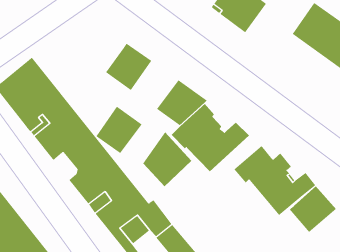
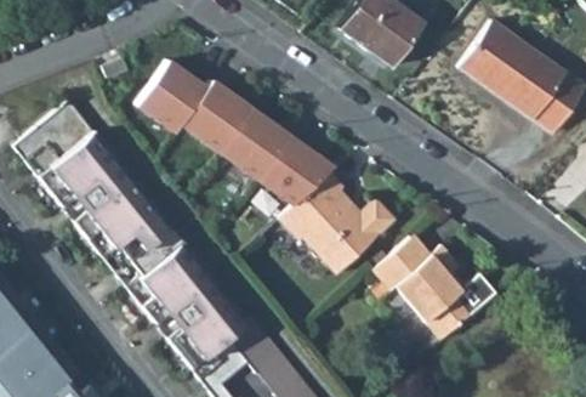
building: none -> [136,59,206,131]
building: [95,106,143,154] -> [218,107,289,178]
building: [143,131,192,187] -> none
building: [289,185,337,233] -> none

